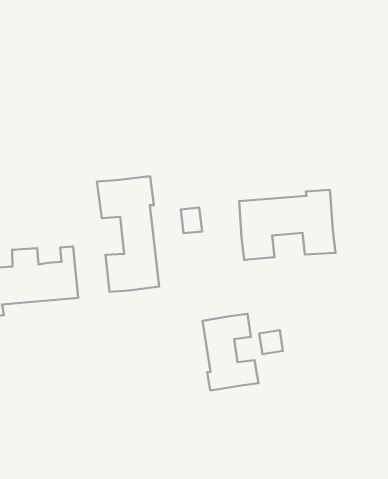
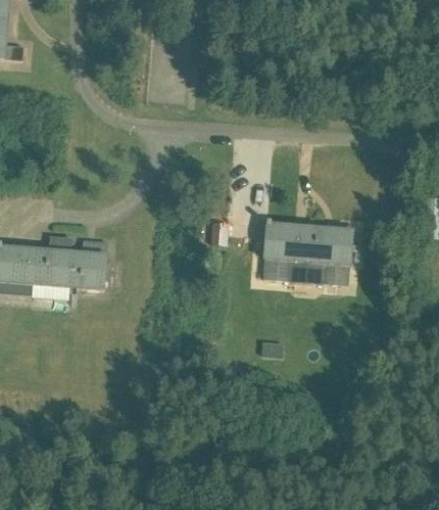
building: [97,176,159,292] -> none
building: [202,314,259,390] -> none

